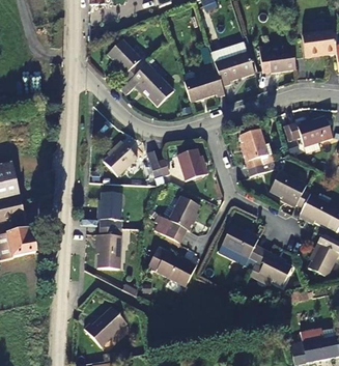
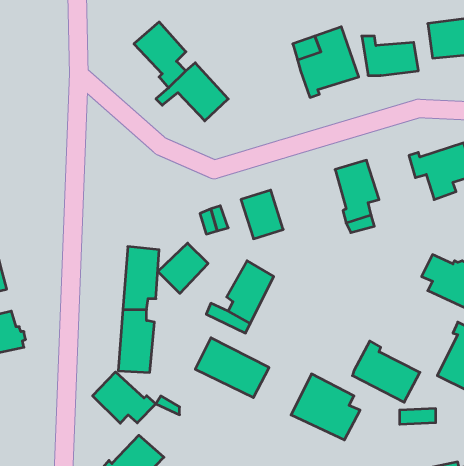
building: [185,69,226,102] -> none
building: [102,139,135,172] -> [158,243,208,293]
building: [271,171,308,205] -> none
building: [218,224,263,268] -> [291,374,360,440]
building: none -> [93,372,156,423]

